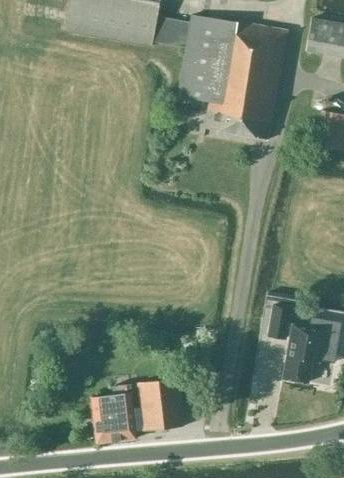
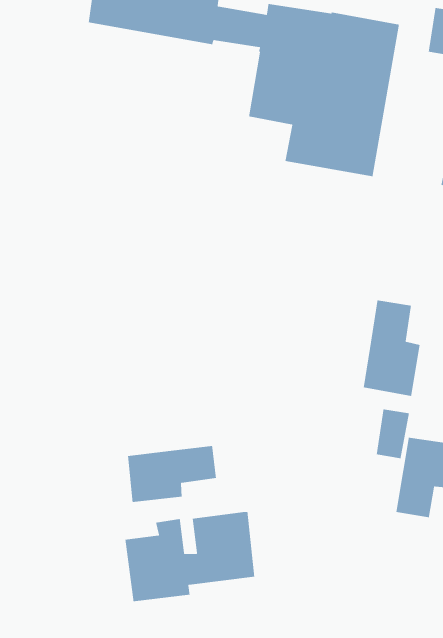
building: none -> [363,300,421,397]
building: none -> [127,445,217,503]

